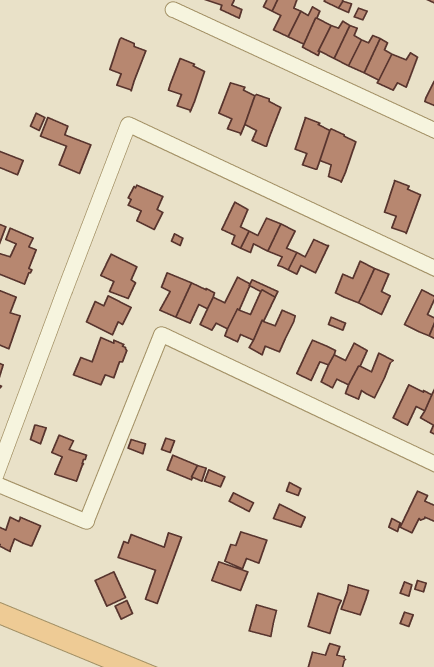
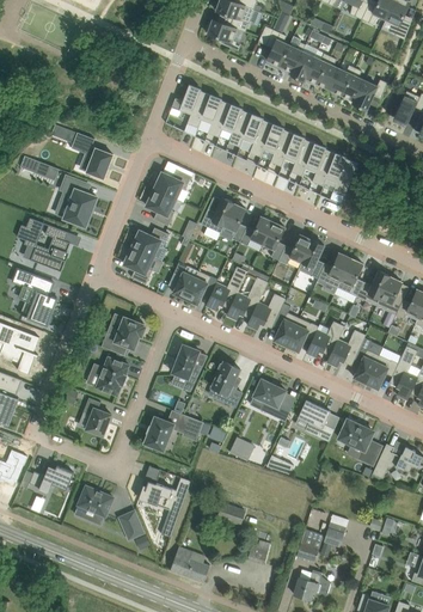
building: [110,38,146,91] -> [201,93,231,137]
building: none -> [263,123,293,166]
building: none -> [153,169,191,198]
building: none -> [60,175,96,226]
building: [385,180,421,234] -> [326,152,356,196]
building: none -> [201,197,234,233]
building: none -> [298,239,324,279]
building: none -> [356,270,390,305]
building: [86,296,131,335] -> [131,225,168,257]
building: none -> [274,302,299,345]
building: none -> [354,337,379,382]
building: none -> [171,344,202,391]
building: none -> [91,356,128,396]
building: none -> [211,361,241,406]
building: none -> [253,379,290,421]
building: none -> [296,402,333,443]
building: none -> [143,416,174,451]
building: none -> [338,418,381,465]
building: [225,532,267,569] -> none
building: none -> [74,485,112,525]
building: none -> [170,546,209,582]

